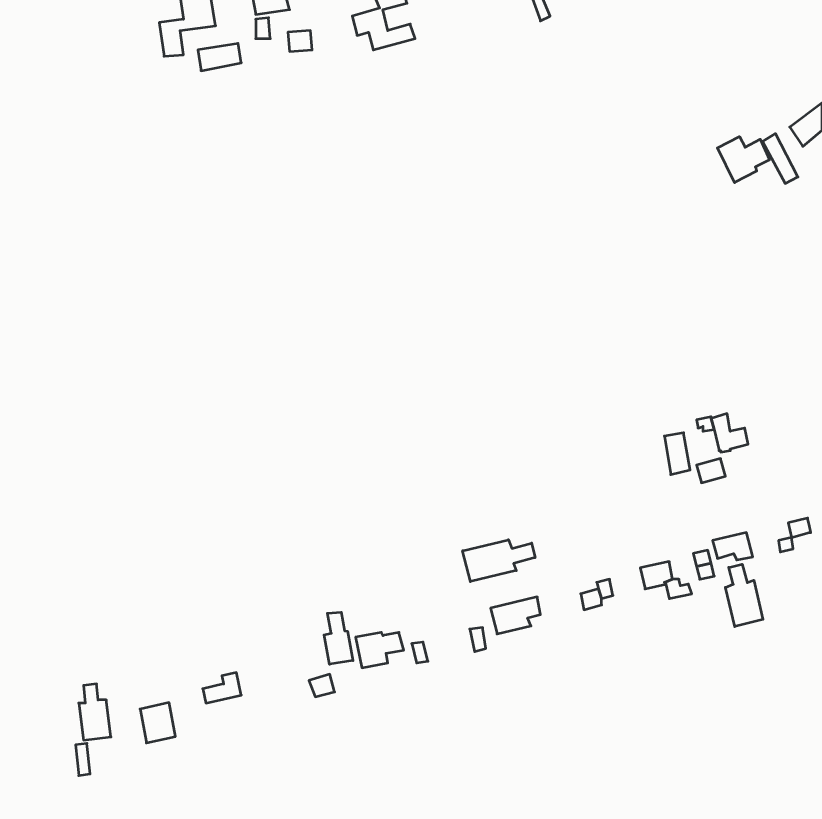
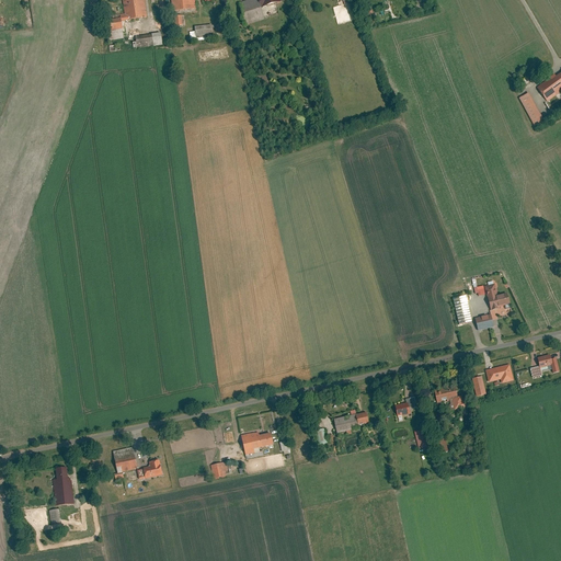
building: [717,137,769,183] -> none
building: [463,540,535,582] -> none
building: [725,564,763,627] -> none
building: [324,612,353,664] -> none
building: [140,703,175,743] -> [113,444,137,471]

